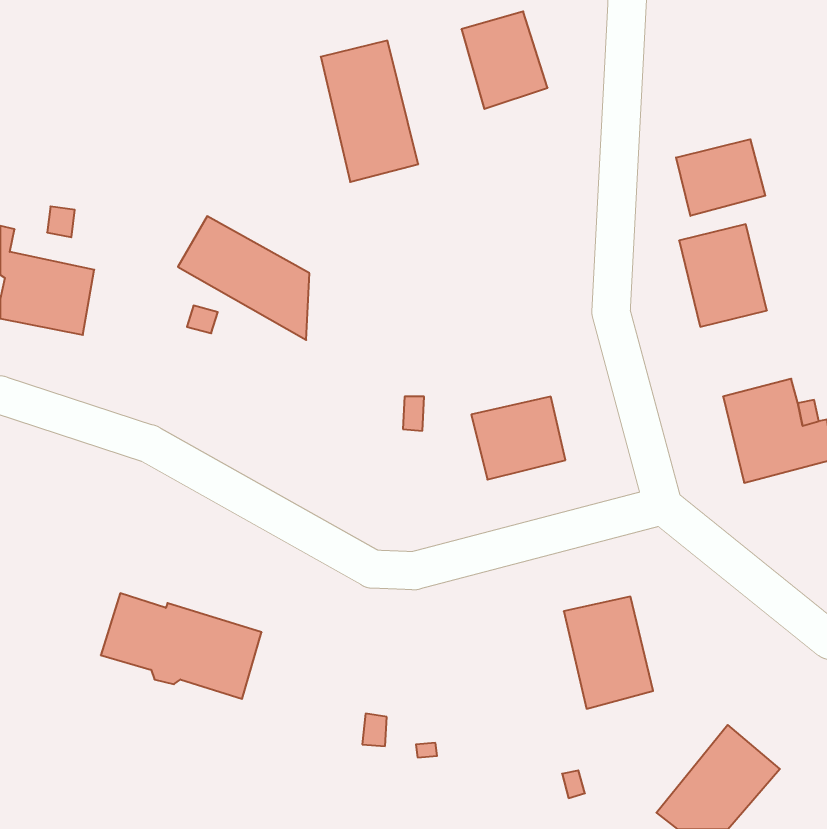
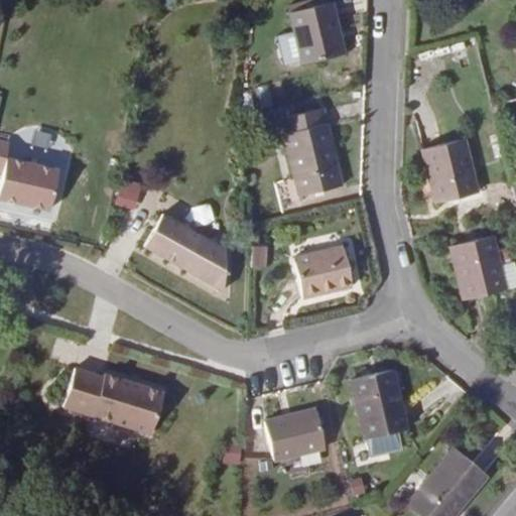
building: [321,41,418,182] -> [282,108,343,196]
building: [676,139,765,216] -> none
building: [178,216,309,340] -> [145,214,227,290]
building: none -> [266,409,327,461]

